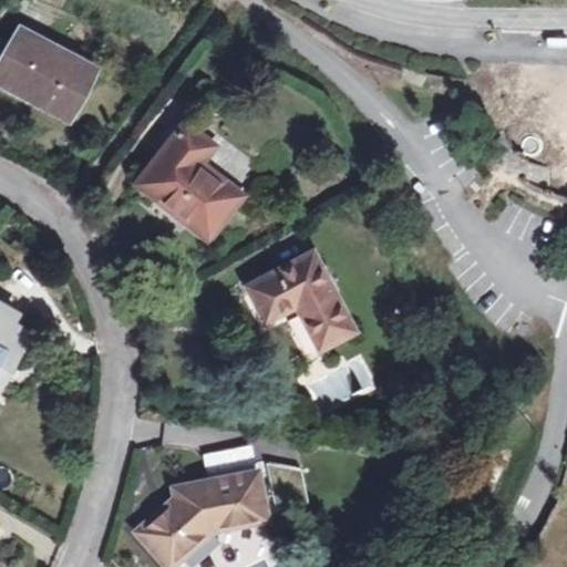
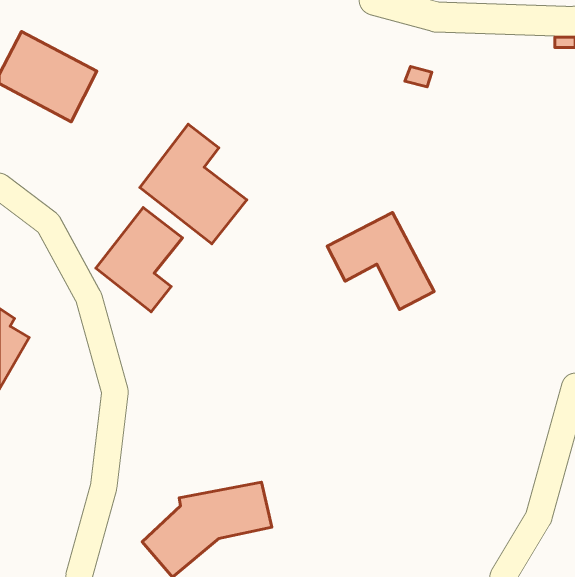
building: none -> [96,208,183,312]
building: [249,252,354,348] -> [327,212,434,309]

